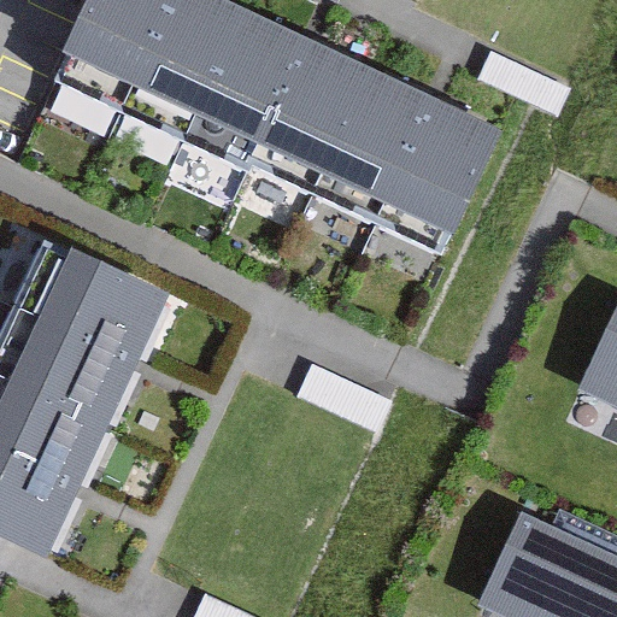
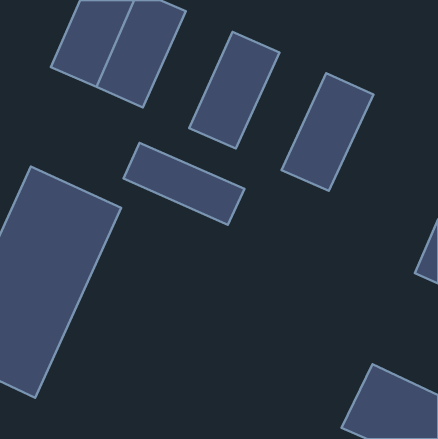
building: [200,16,325,180] -> none
building: [330,74,457,239] -> none
building: none -> [123,143,244,225]

